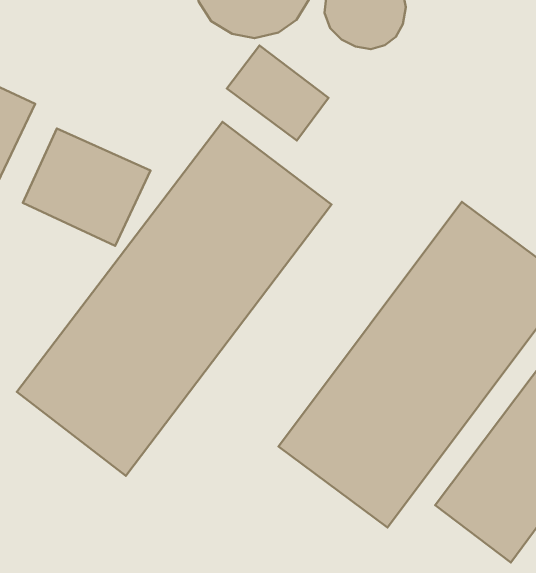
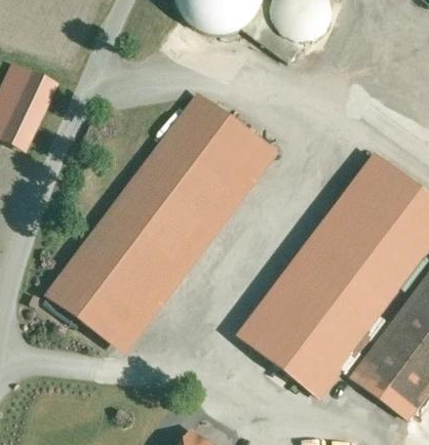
building: [227,46,328,140] -> none
building: [23,128,150,246] -> none

